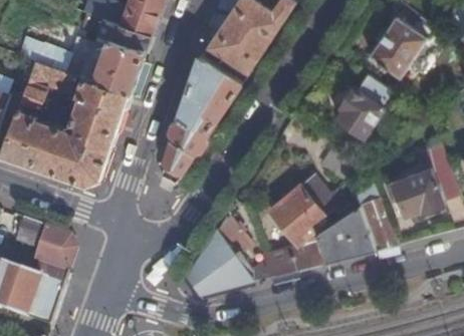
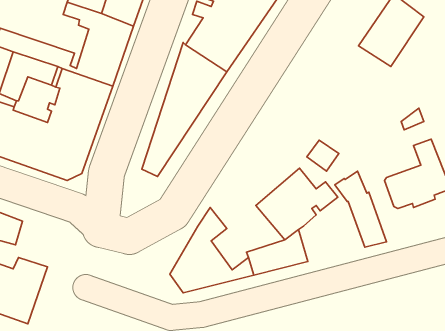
building: [336,74,391,137] -> none
building: [316,207,375,263] -> none
building: [33,226,74,270] -> none

